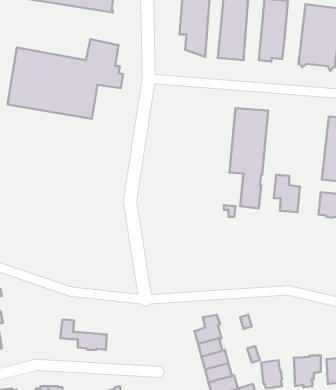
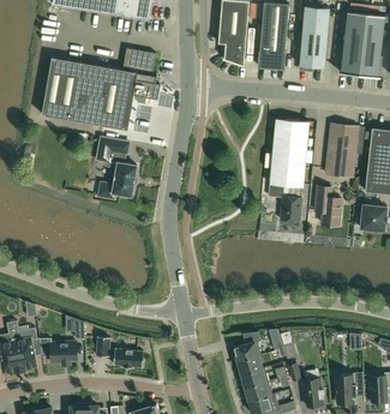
building: none -> [325,122,356,175]
building: none -> [96,136,136,198]
building: none -> [40,337,76,364]

